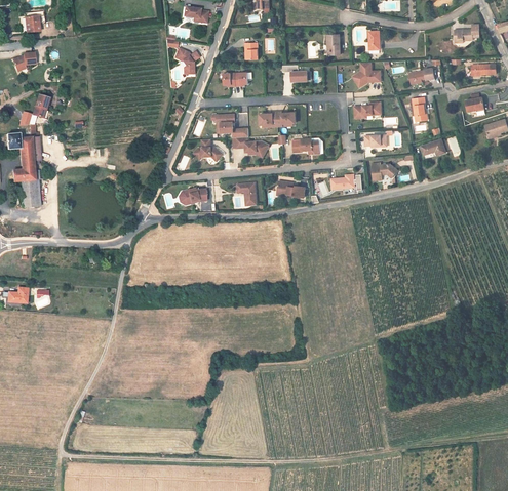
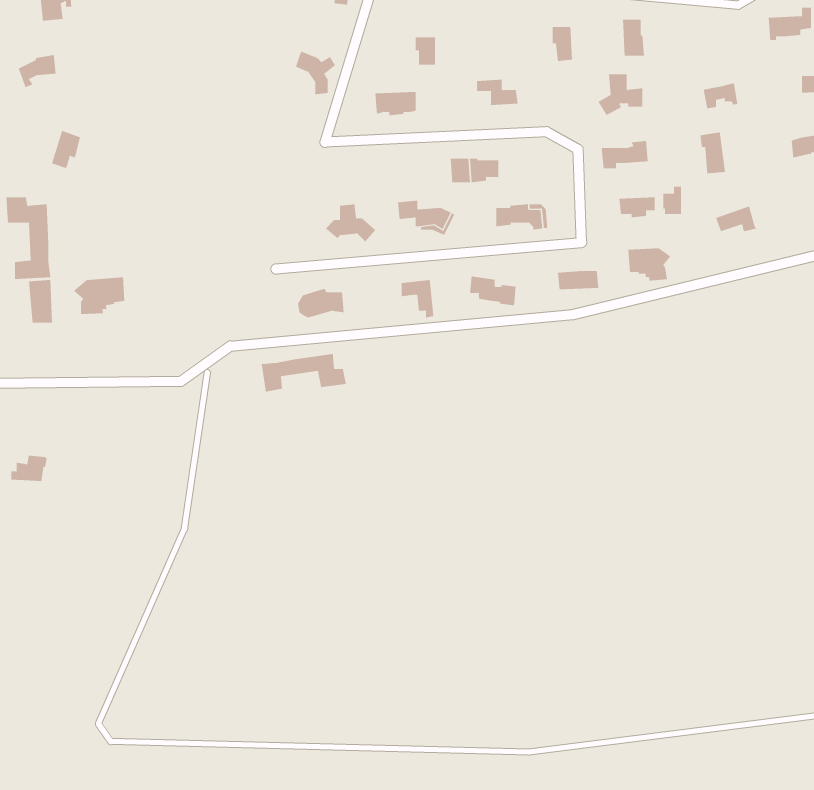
building: [211,114,248,137] -> none
building: none -> [73,277,125,315]
building: none -> [261,353,347,392]

